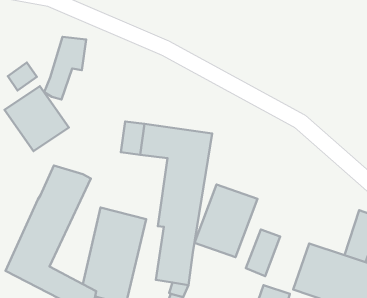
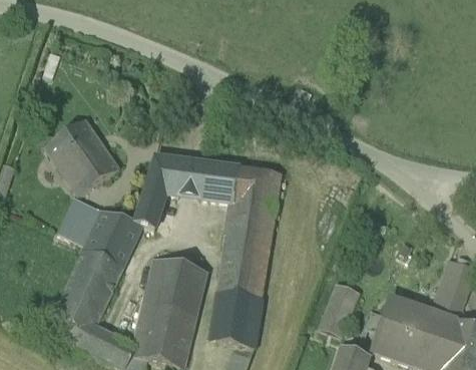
building: [44,37,86,99] -> [134,155,182,227]
building: [8,63,37,90] -> none
building: none -> [58,195,101,243]
building: [195,185,257,257] -> none

